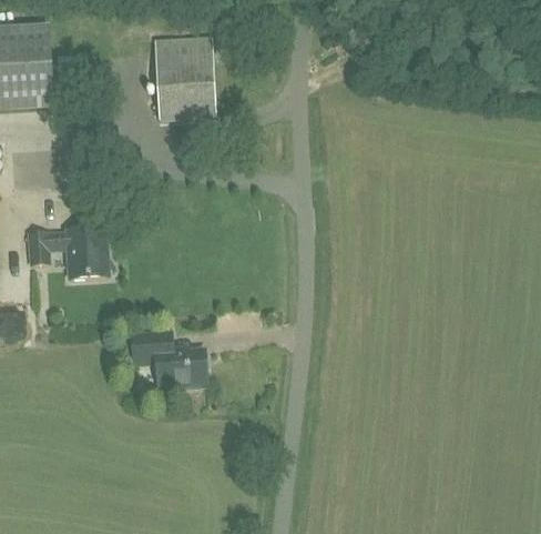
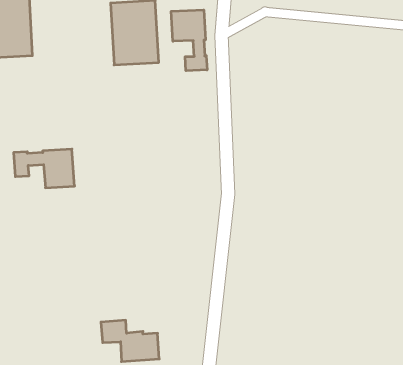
building: none -> [171,10,207,71]
building: [132,332,207,385] -> [101,320,159,362]

